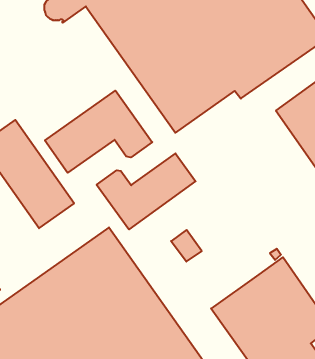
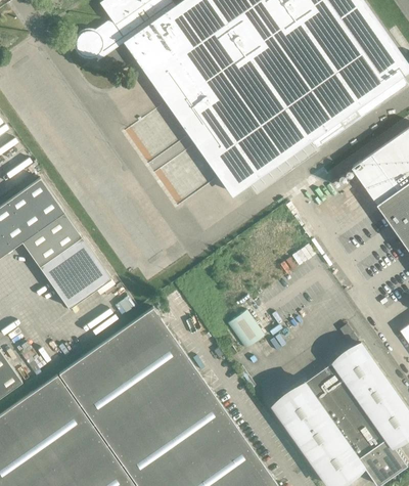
building: [45,91,152,173] -> none
building: [97,153,196,229] -> none

